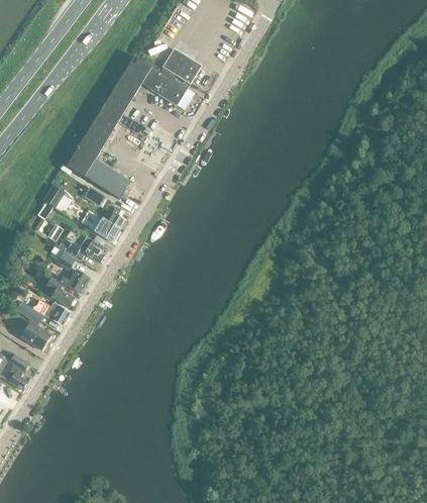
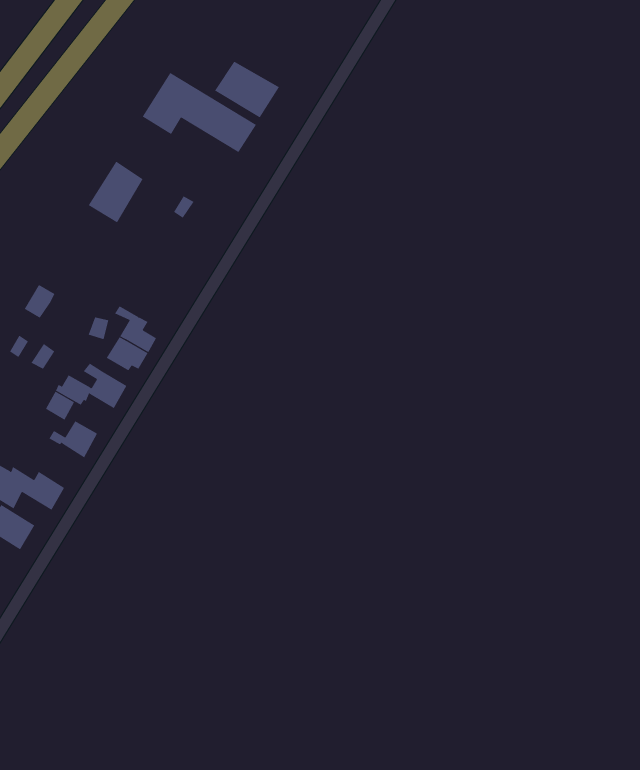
building: [100,83,134,121] -> none
building: [66,137,129,198] -> none
building: [44,277,75,308] -> none

